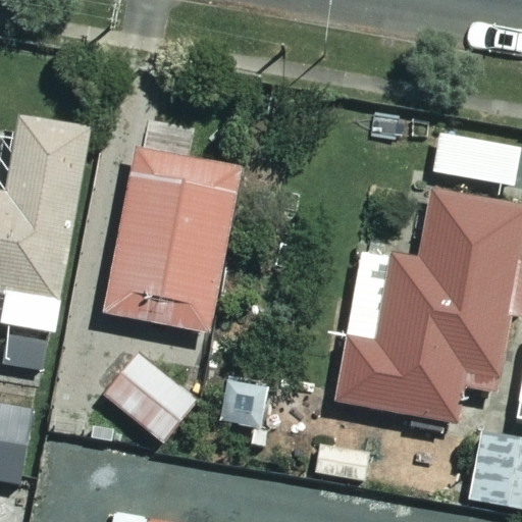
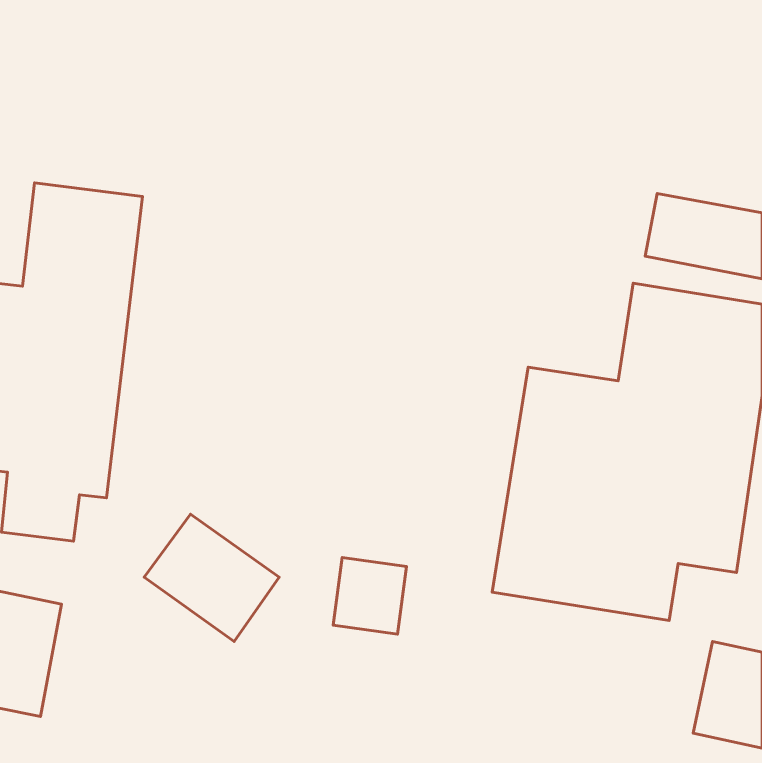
building: [93,140,236,328] -> none

